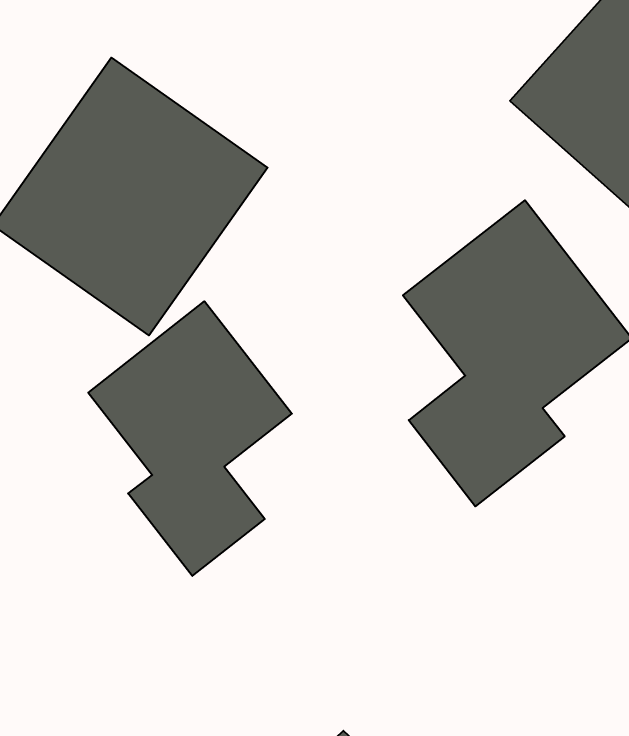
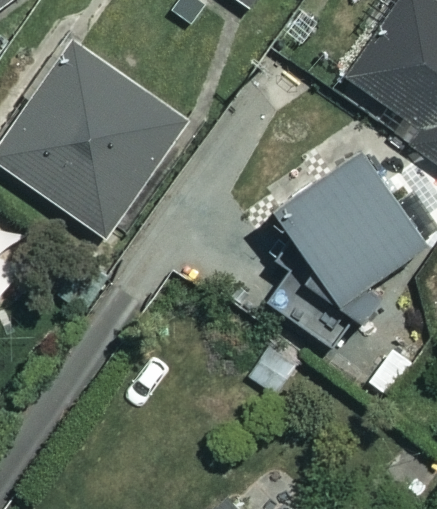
building: [88,301,292,576] -> none

